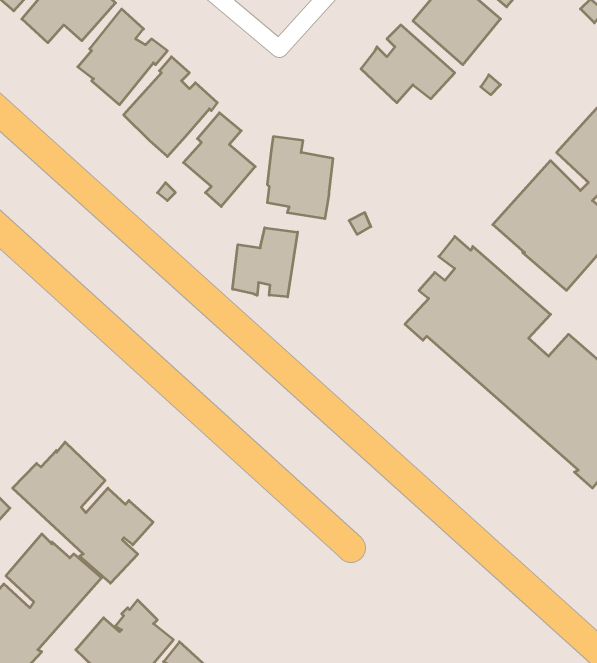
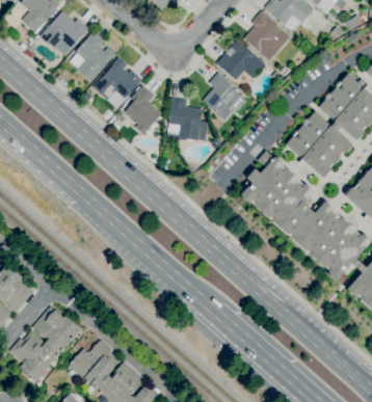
building: none -> [203,72,241,120]
building: [233,228,298,297] -> none
building: [13,442,153,583] -> none

